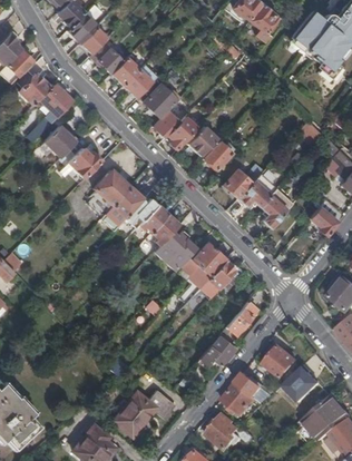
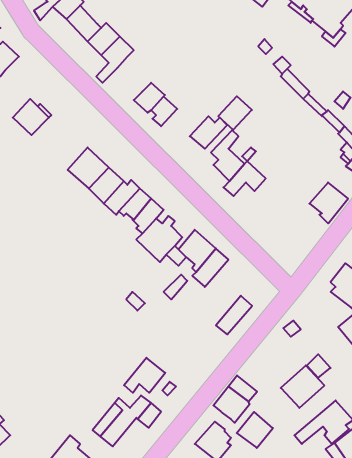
building: [38,84,72,130] -> none
building: [138,84,178,118] -> none
building: [188,126,218,156] -> [218,96,252,130]
building: [60,147,102,178] -> none
building: [261,188,293,228] -> none
building: [199,335,236,366] -> [124,358,165,393]
building: [265,344,297,376] -> [237,412,273,448]

